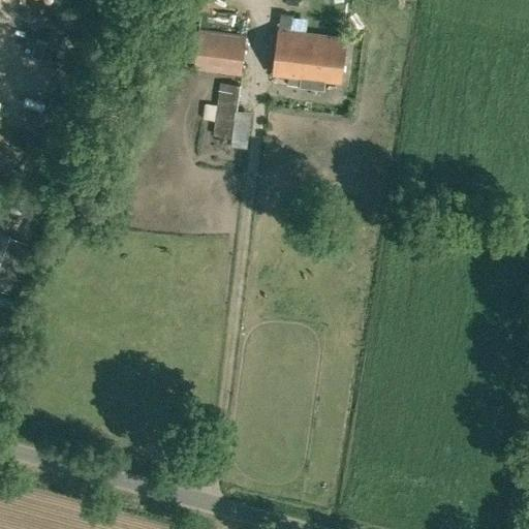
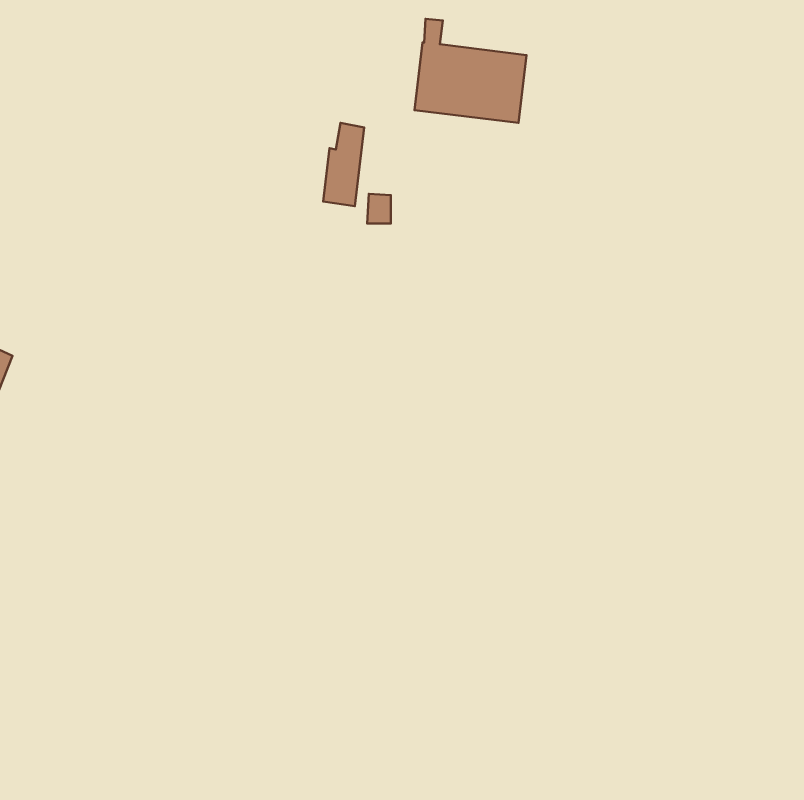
building: [191,30,246,86] -> none

